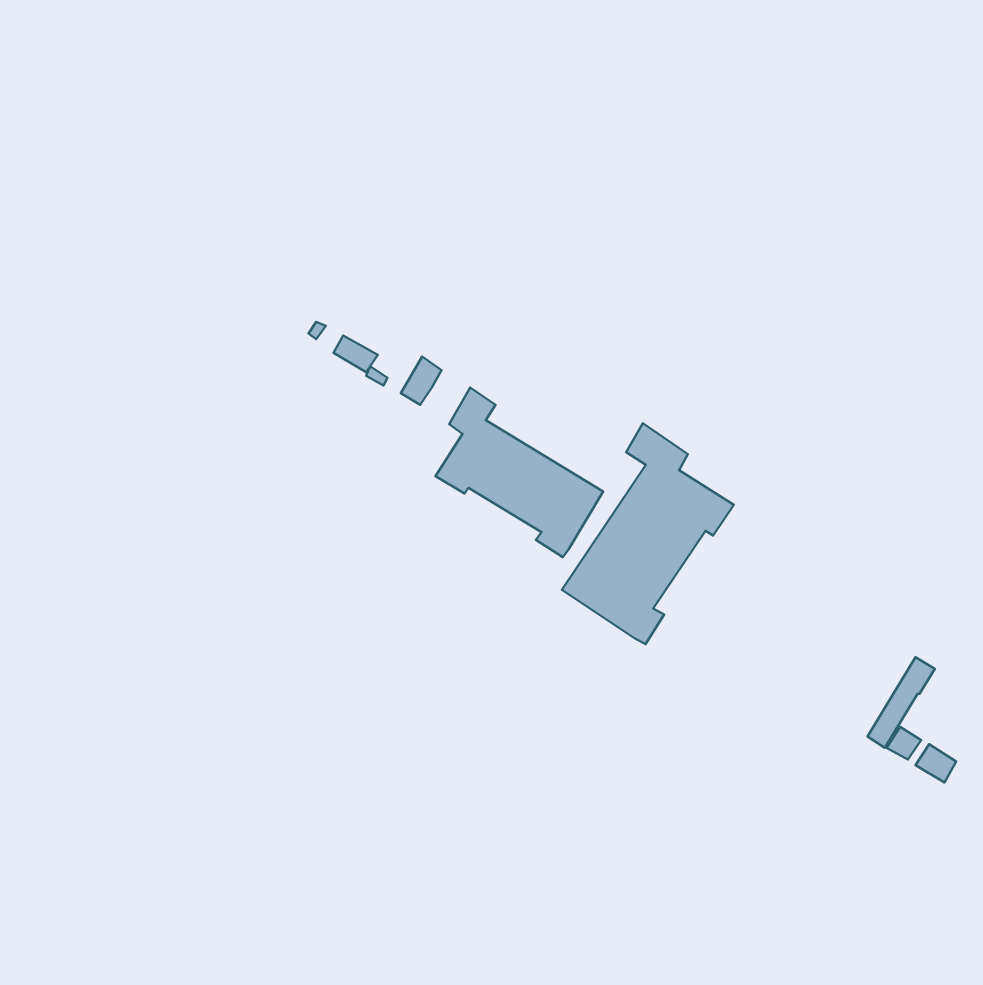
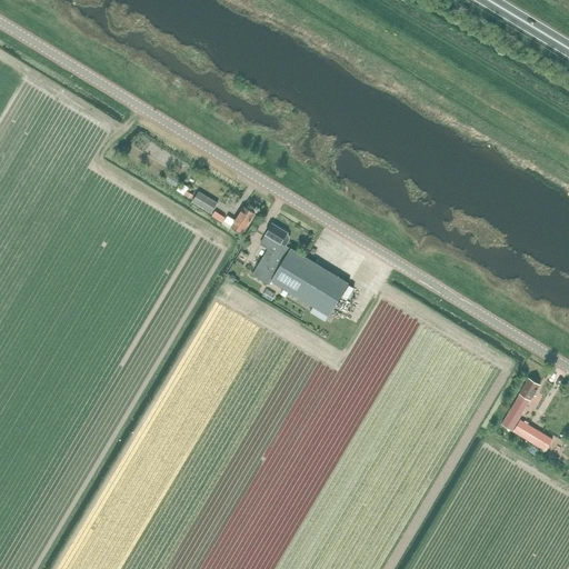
building: [562,423,734,644] -> none

